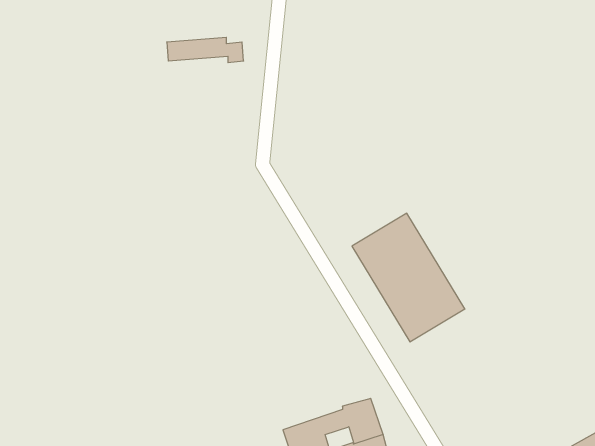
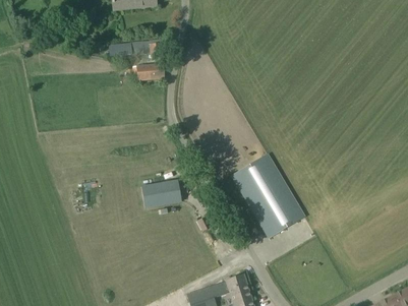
building: none -> [131,63,163,79]
building: none -> [140,179,181,206]

